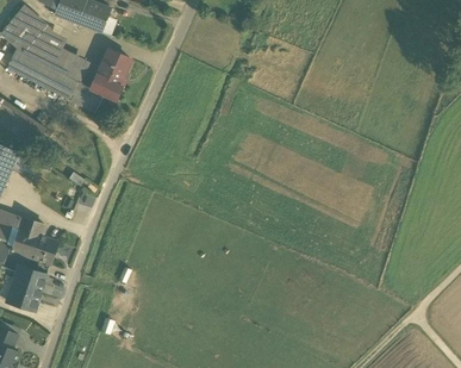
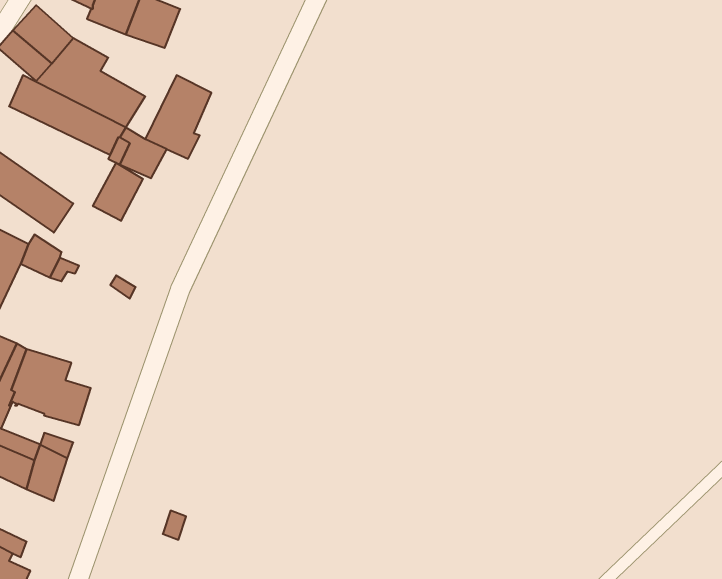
building: none -> [93,163,143,221]

